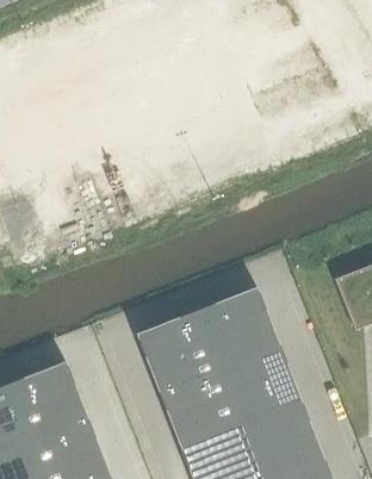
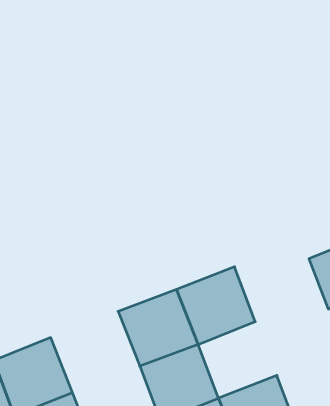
building: [218,346,300,425] -> none

